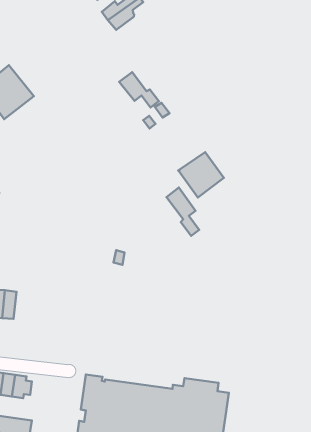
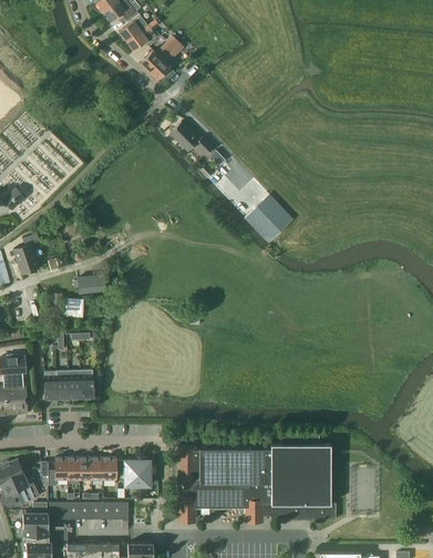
building: [166,188,199,236] -> none
building: none -> [73,275,100,292]
building: none -> [125,461,150,486]

